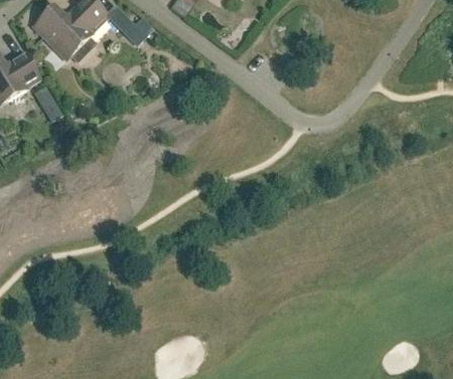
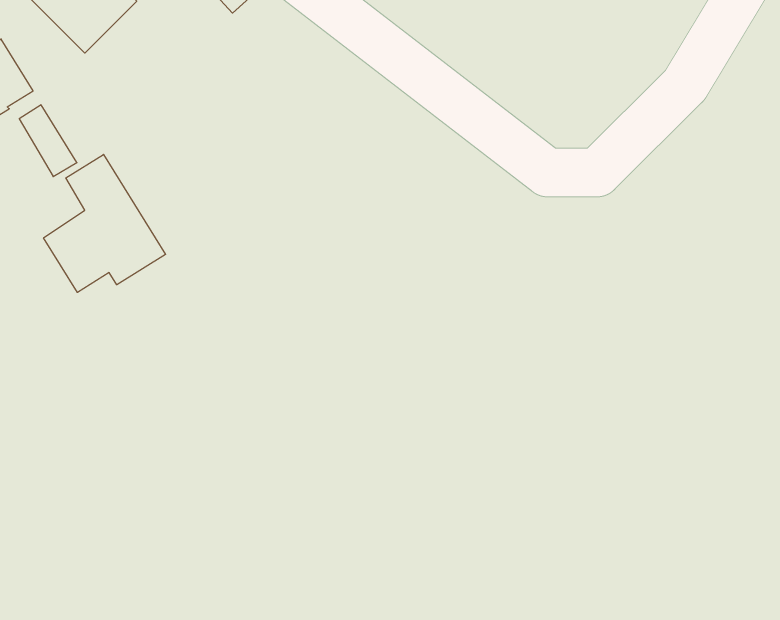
building: none -> [44,154,166,292]

